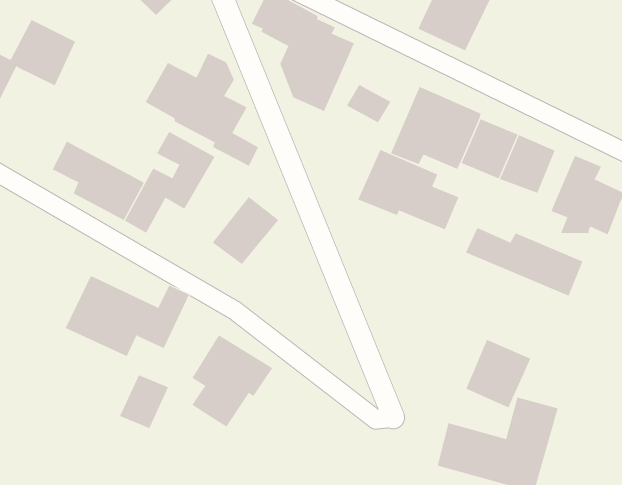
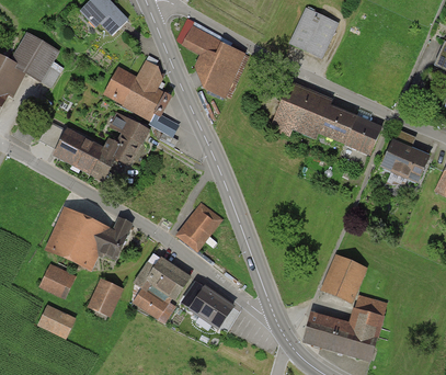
building: [346,84,391,123] -> none
building: [358,149,459,230] -> none
building: [212,196,279,265] -> [175,203,221,250]
building: [465,227,583,297] -> none
building: none -> [39,263,75,297]
building: none -> [185,283,233,328]
building: none -> [36,305,72,338]

